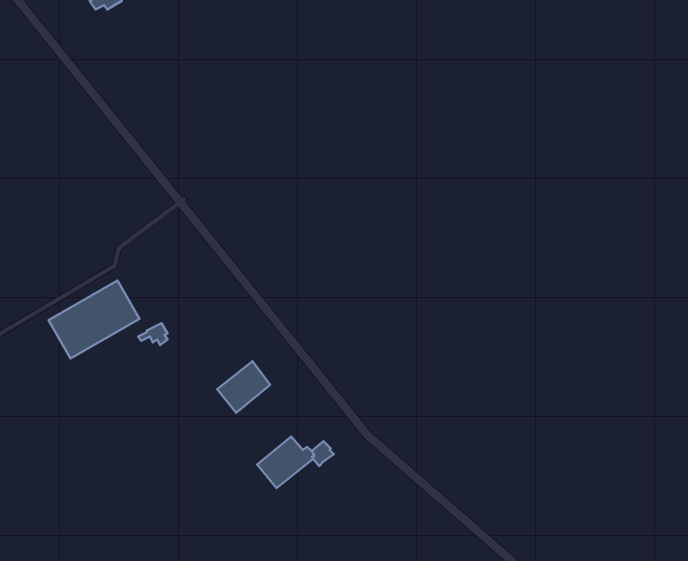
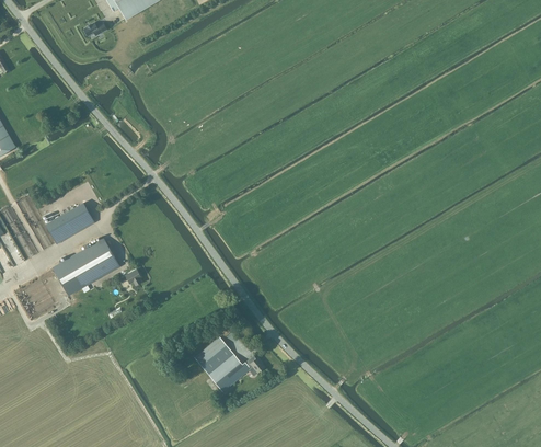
building: none -> [45,202,93,243]
building: [217,361,270,413] -> [193,335,232,374]

